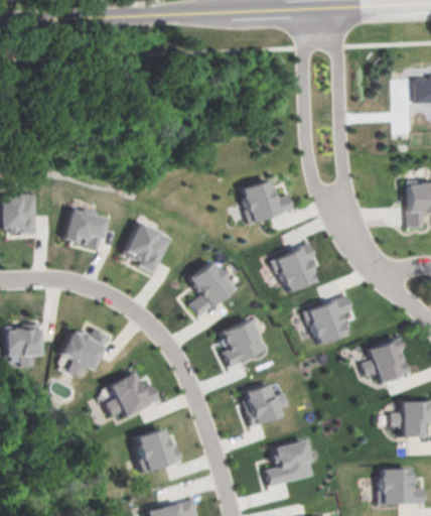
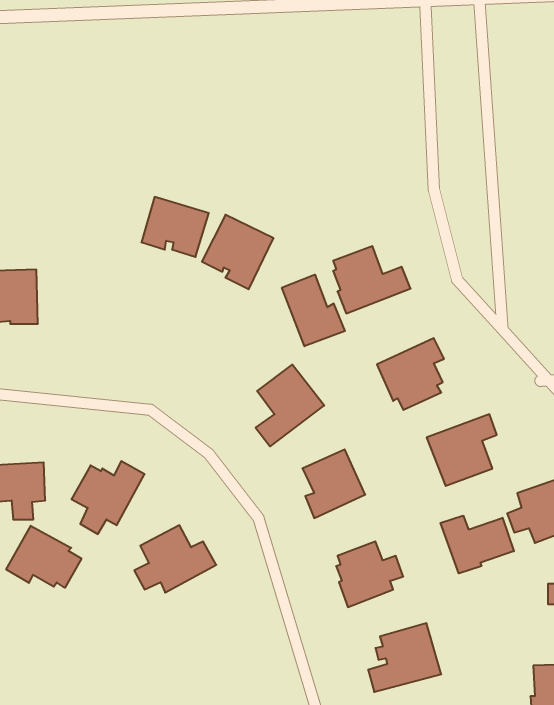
building: none -> [282,275,345,346]
building: [62,207,109,248] -> [141,197,209,257]
building: [123,222,172,273] -> [202,215,274,289]
building: none -> [440,516,514,573]
building: none -> [6,526,81,588]
building: [136,428,182,472] -> none

